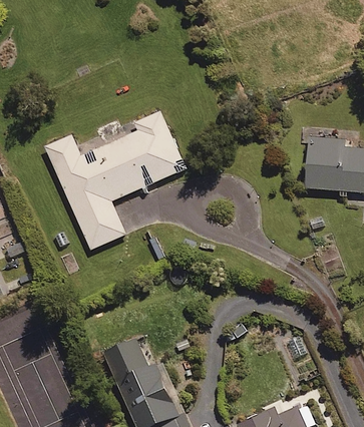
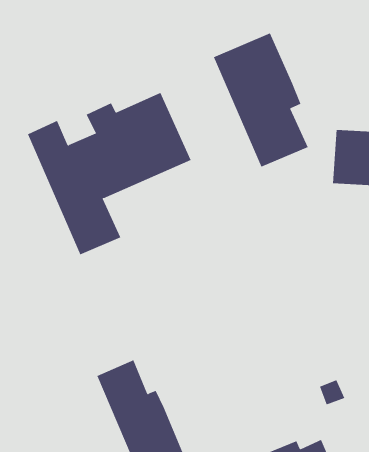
building: none -> [213,32,308,167]

